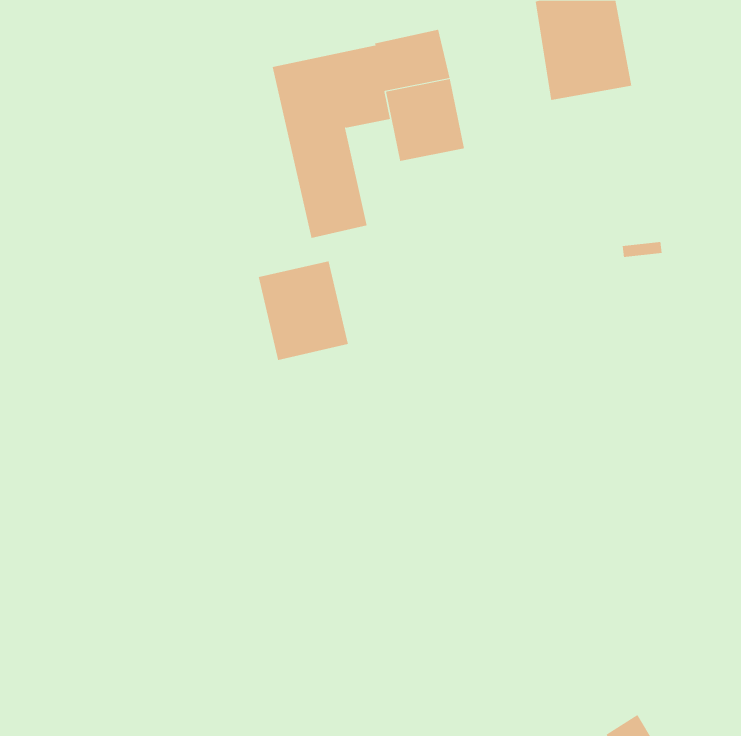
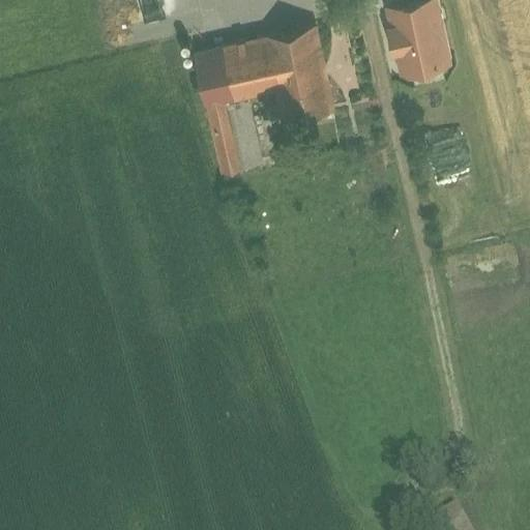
building: [258,260,349,361] -> none

